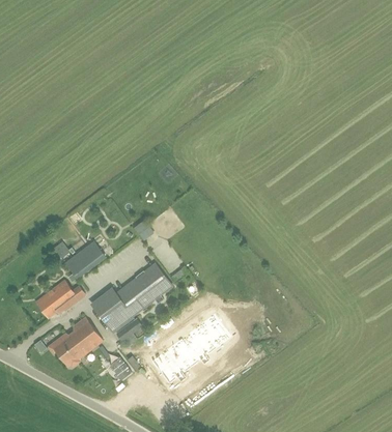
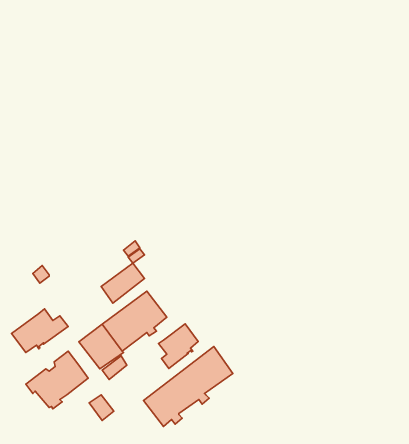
building: [65,241,104,277] -> [101,263,145,303]
building: none -> [158,324,198,369]

